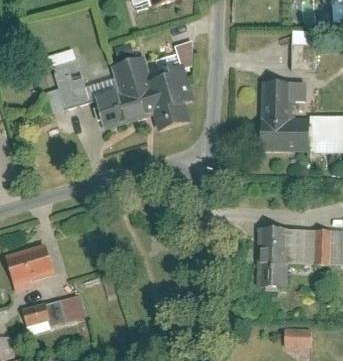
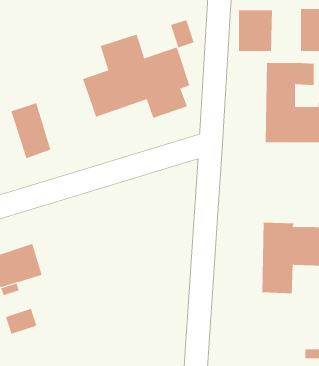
building: none -> [238,9,273,52]
building: [50,59,87,110] -> [10,102,51,159]
building: [60,293,88,323] -> none

